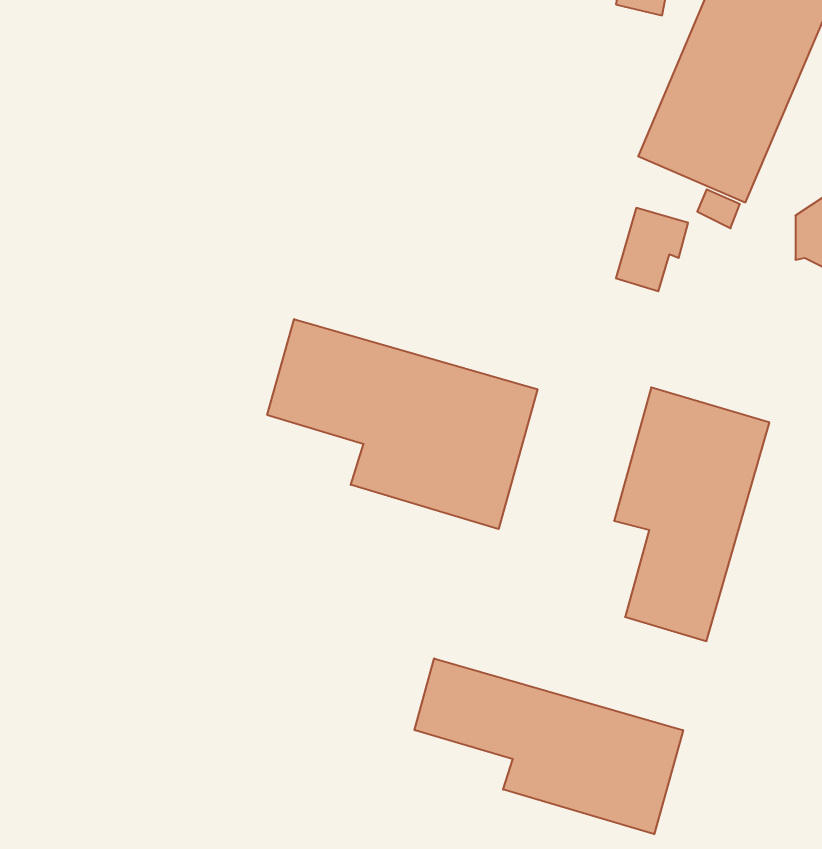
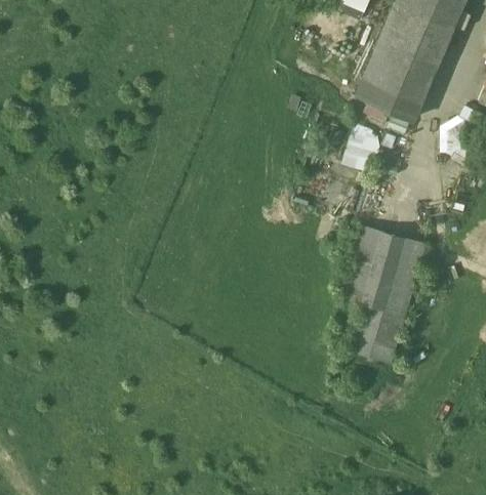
building: [267,319,538,529] -> none
building: [414,658,683,834] -> none

